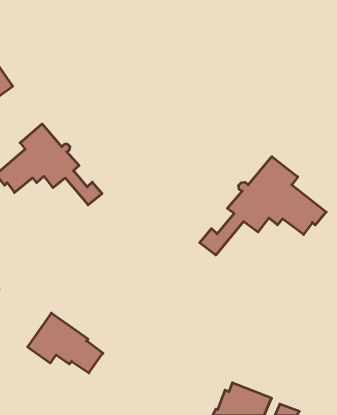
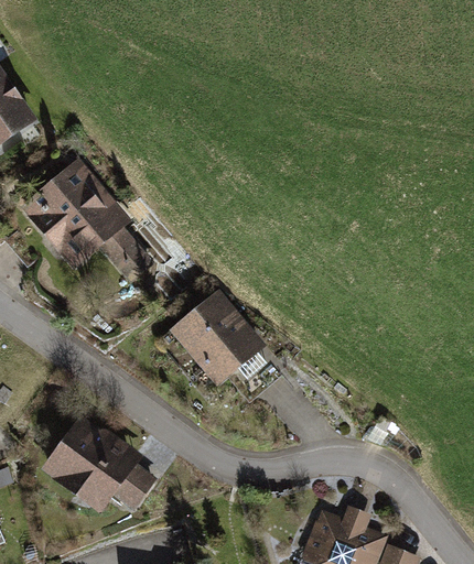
building: [200,157,326,255] -> none
building: none -> [164,286,280,394]

